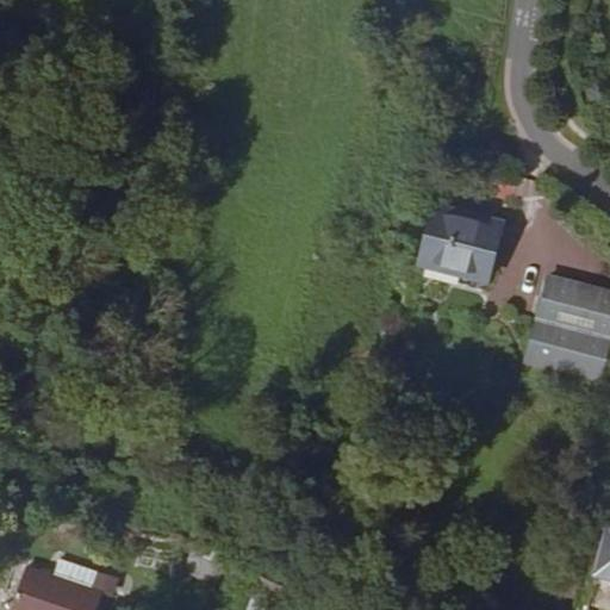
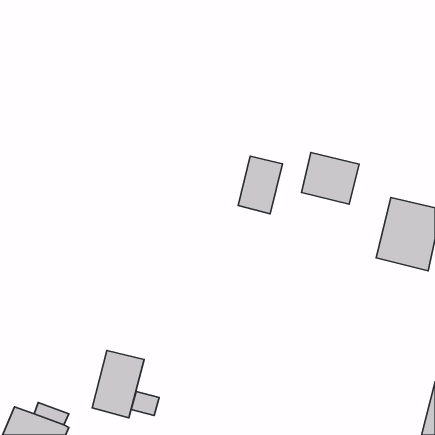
building: none -> [238,156,283,214]
building: none -> [92,350,144,418]

